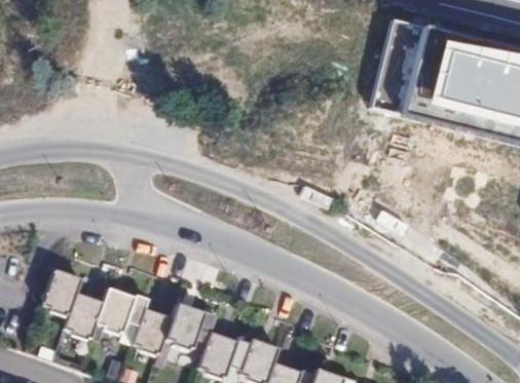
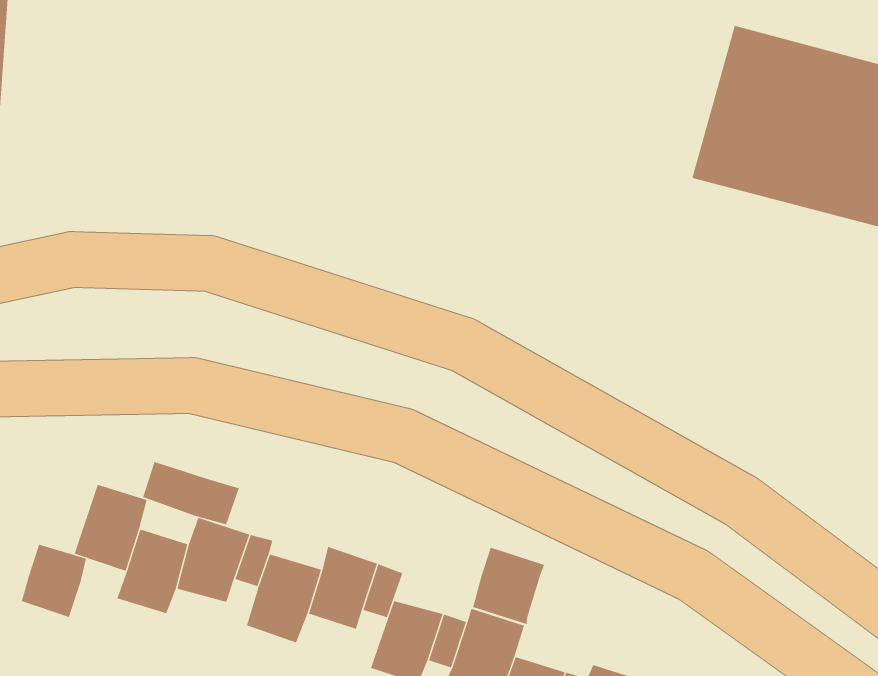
building: none -> [143,461,239,525]
building: none -> [21,544,87,618]
building: none -> [473,547,545,625]

